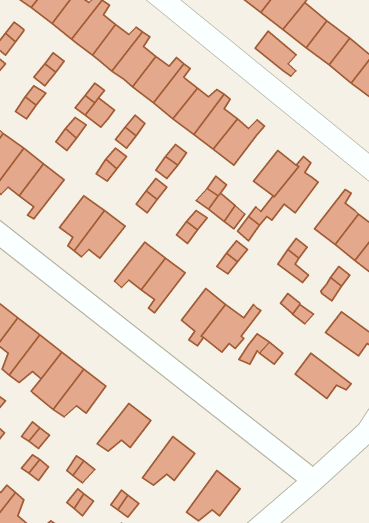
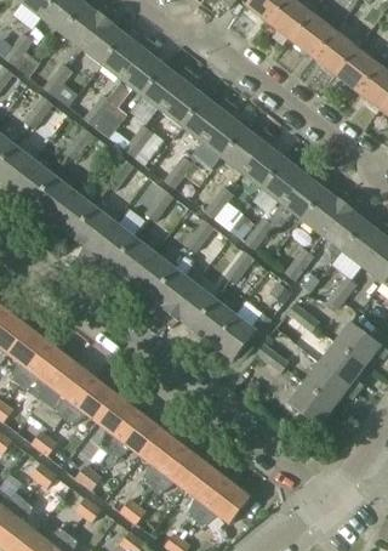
building: [255,31,296,76] -> none
building: none -> [241,143,285,189]
building: none -> [42,188,92,235]
building: none -> [302,191,352,237]
building: none -> [108,234,153,289]
building: none -> [162,280,213,328]
building: none -> [318,340,365,391]
building: none -> [286,381,333,425]
building: none -> [95,393,137,450]
building: none -> [138,427,181,484]
building: none -> [182,460,224,518]

